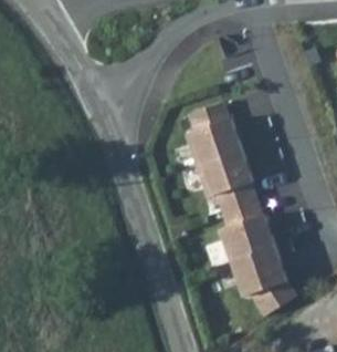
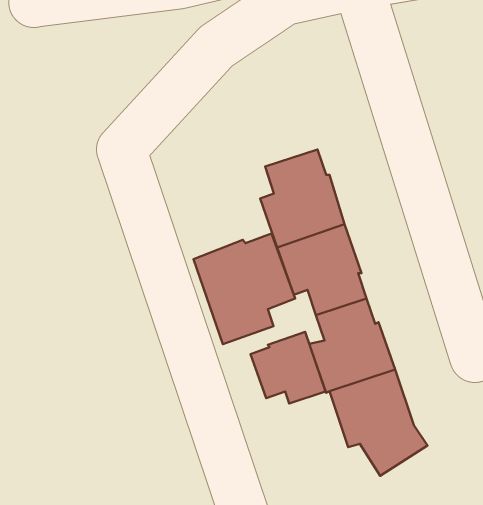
building: none -> [194,234,295,344]
building: none -> [250,332,325,403]

